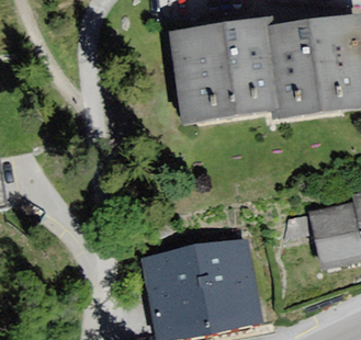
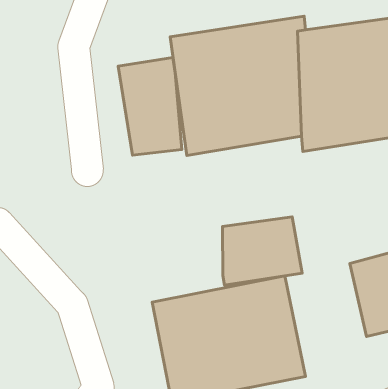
building: none -> [118,58,182,155]
building: none -> [223,217,302,285]

